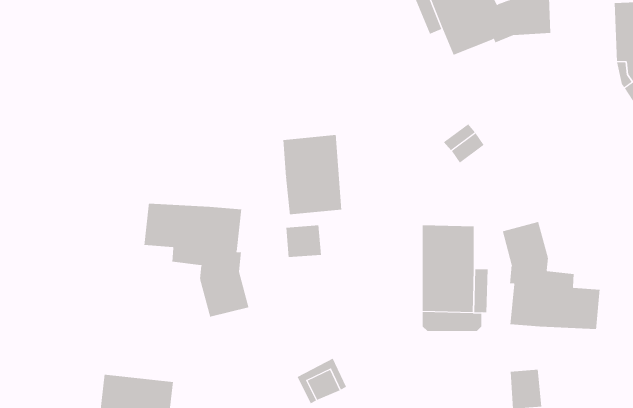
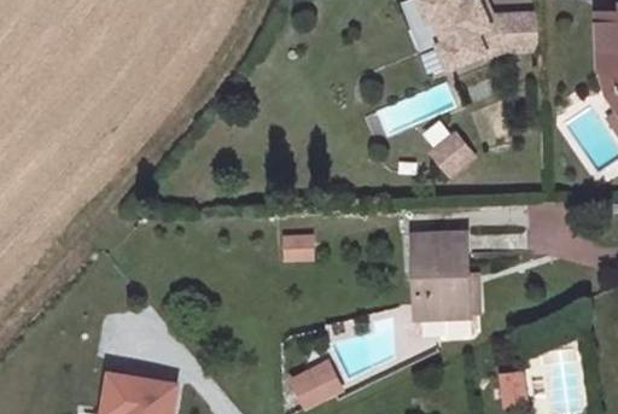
building: [283,134,342,215] -> none
building: [144,203,249,318] -> none
building: [502,221,600,330] -> none

